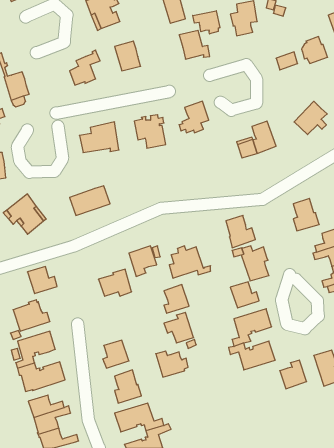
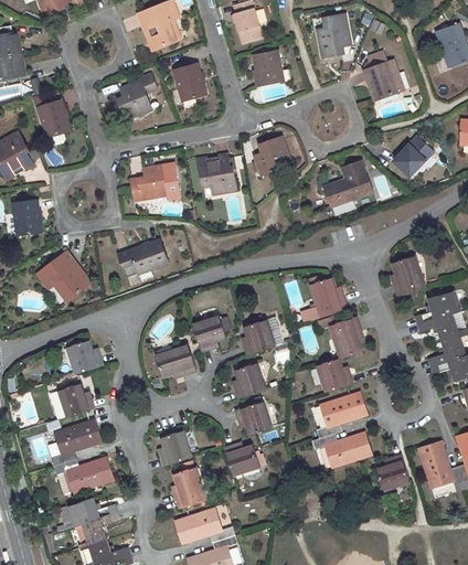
building: [193,11,220,34] -> none
building: [302,37,328,63] -> [362,51,394,84]

